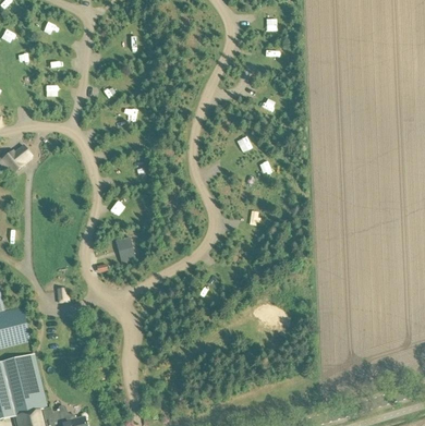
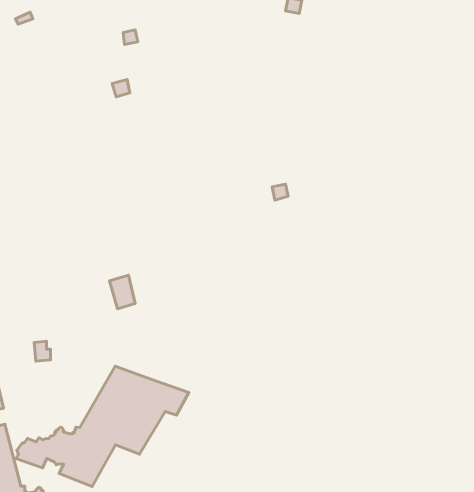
building: none -> [16,366,189,486]

